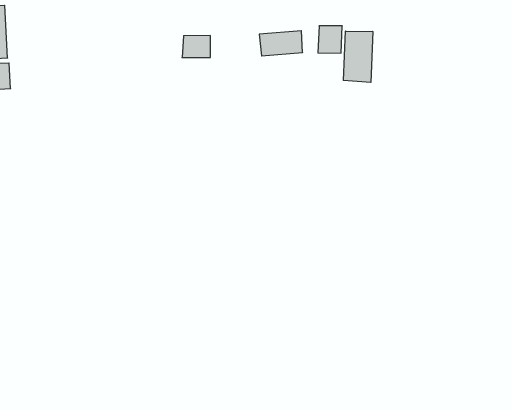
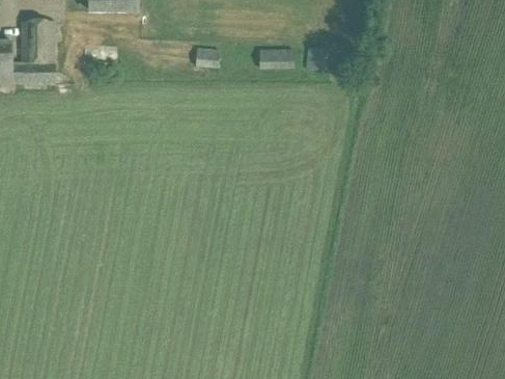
building: [343,31,373,82] -> none

